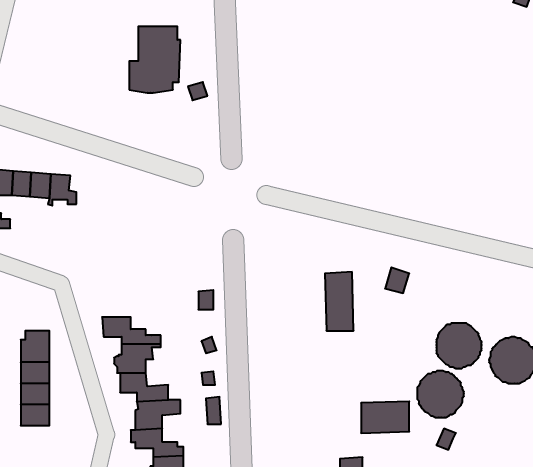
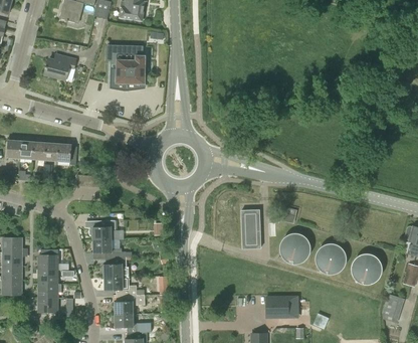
building: none -> [44,56,75,79]
building: none -> [89,220,117,239]
building: [417,371,464,417] -> [279,232,310,264]

